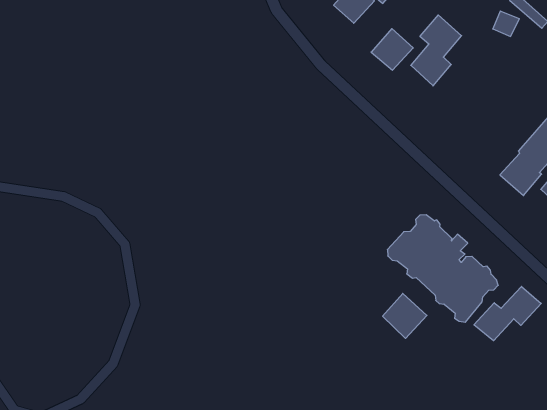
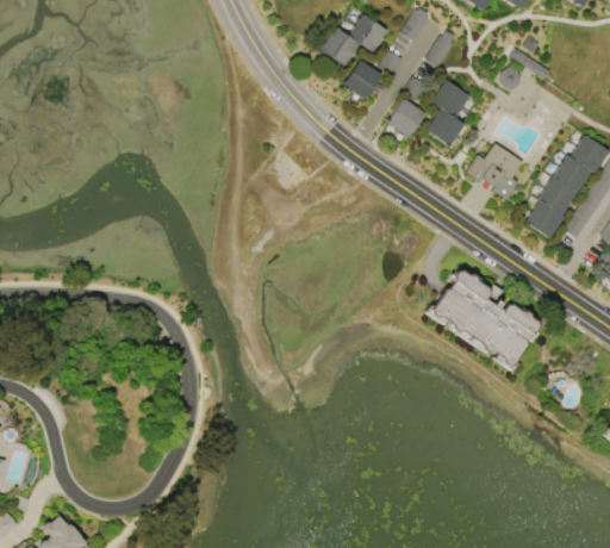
building: none -> [467,143,523,199]
building: [474,286,541,341] -> none
building: [383,293,427,338] -> none

